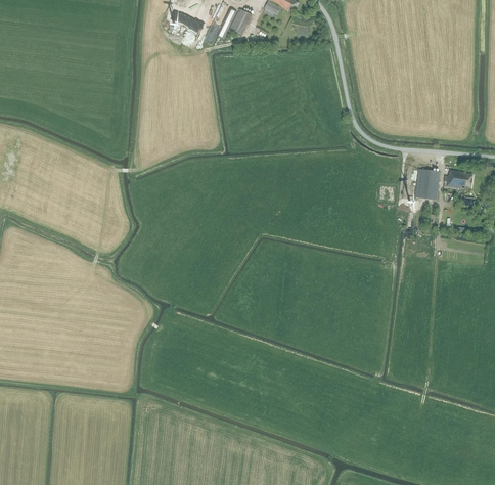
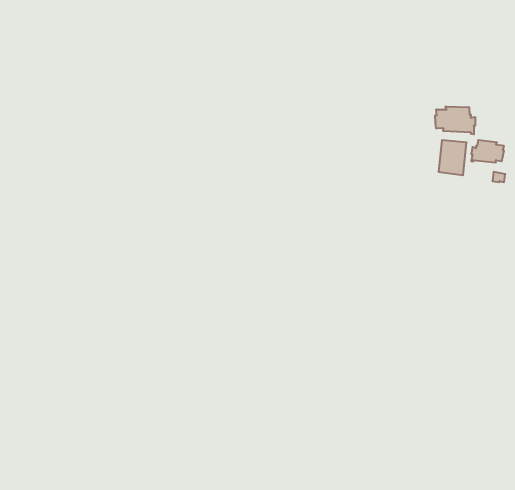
building: none -> [435,106,475,134]

